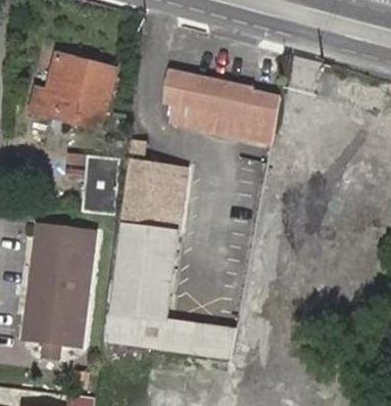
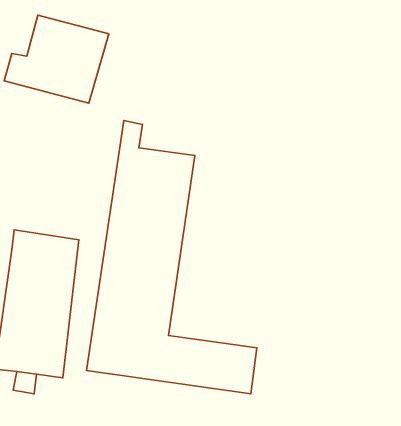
building: [162,67,280,142] -> none
building: [85,154,119,213] -> none

